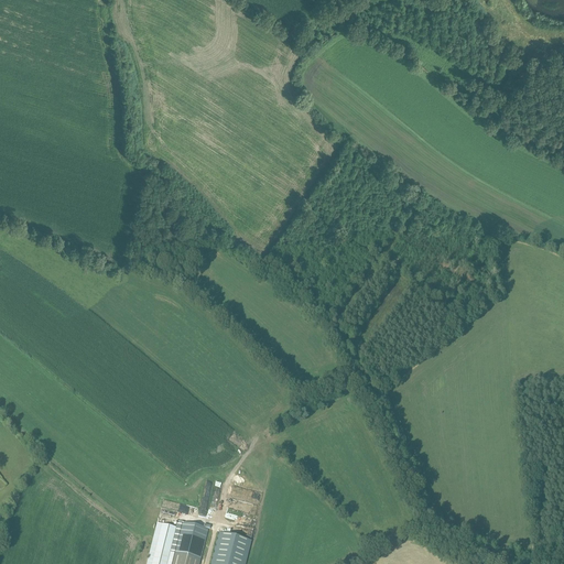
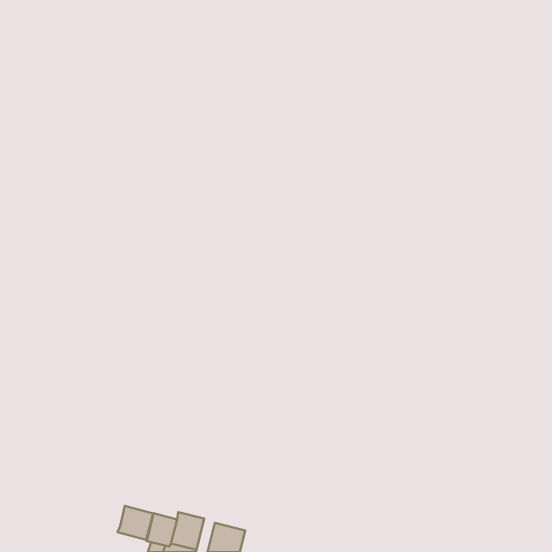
building: none -> [118,506,153,540]

